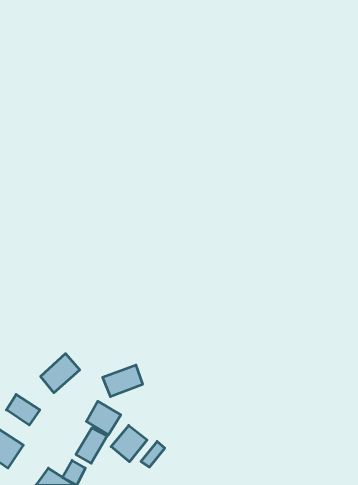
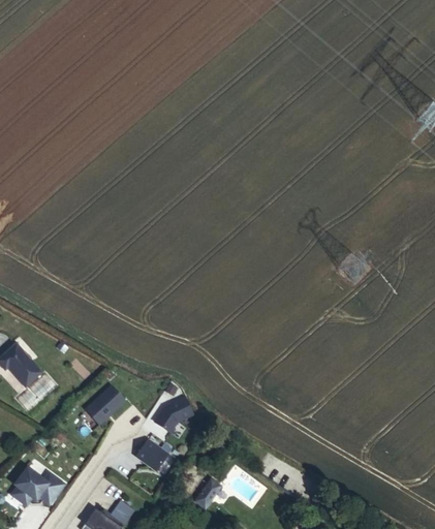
building: [6,394,40,425] -> none
building: [111,425,147,462] -> none
building: [76,428,107,463] -> none

